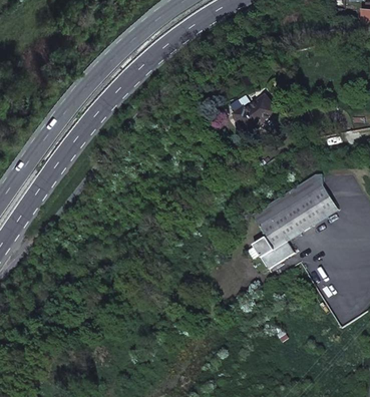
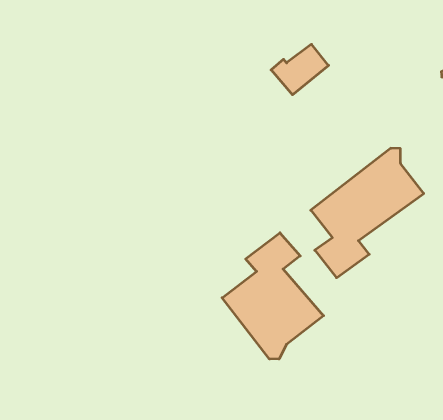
building: none -> [222,233,324,359]

